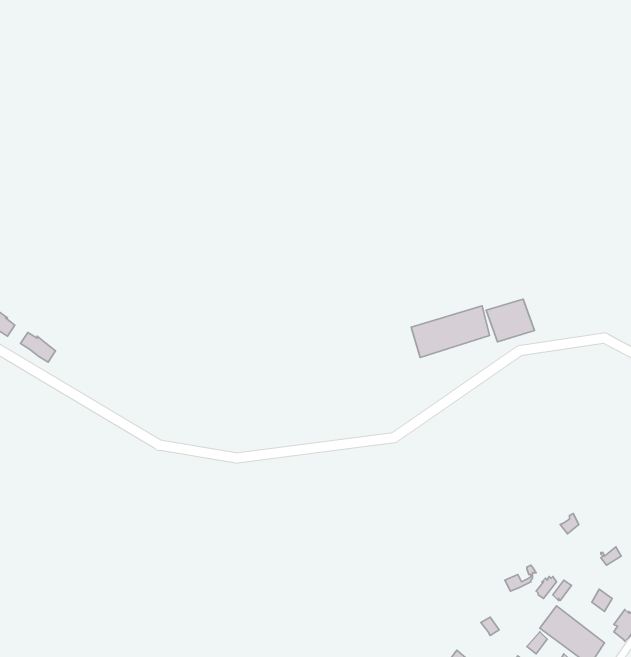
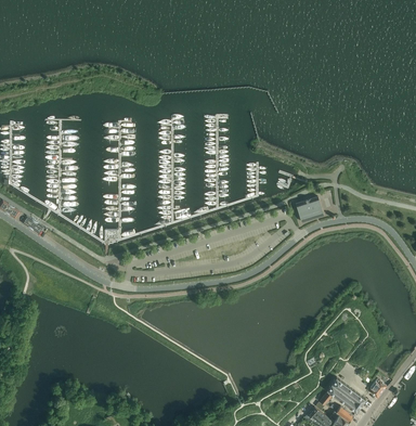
building: [411,306,489,358] -> none

